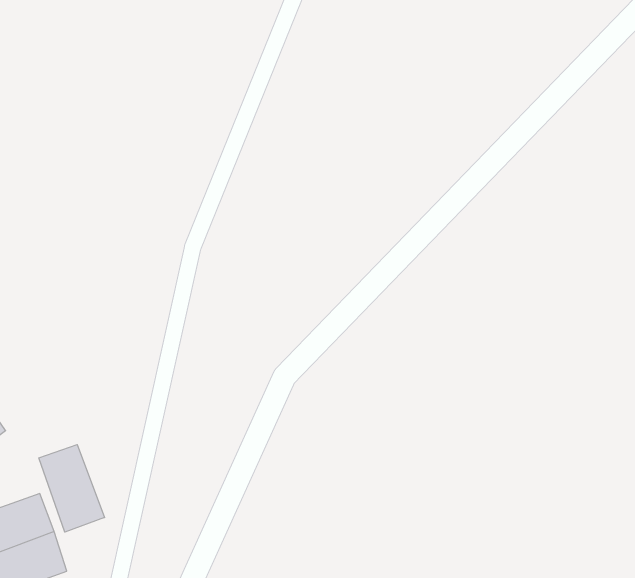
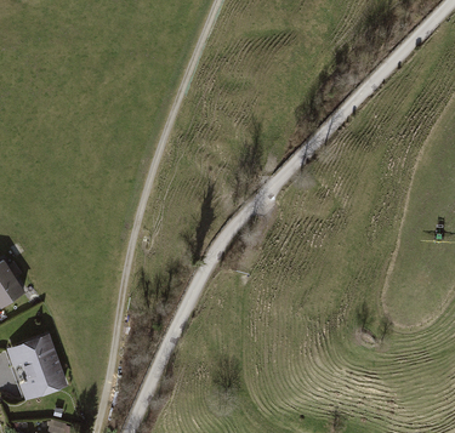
building: [39,445,105,532] -> none

